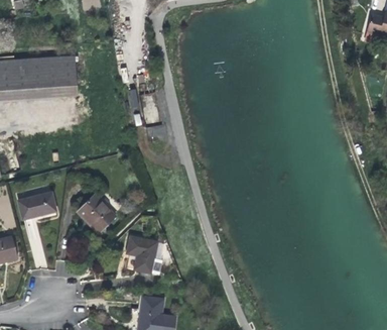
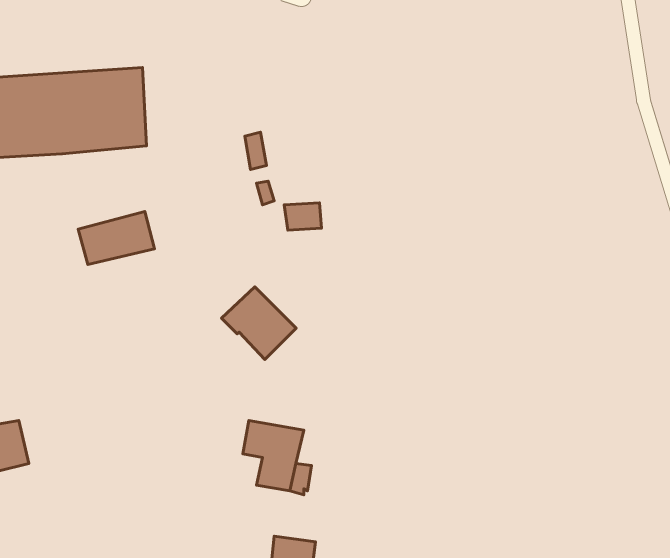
building: [17,192,56,219] -> [78,212,155,264]
building: [77,195,115,232] -> [222,287,296,359]

